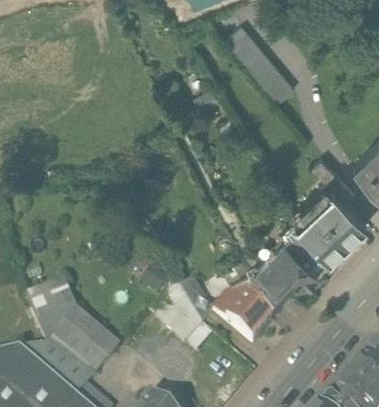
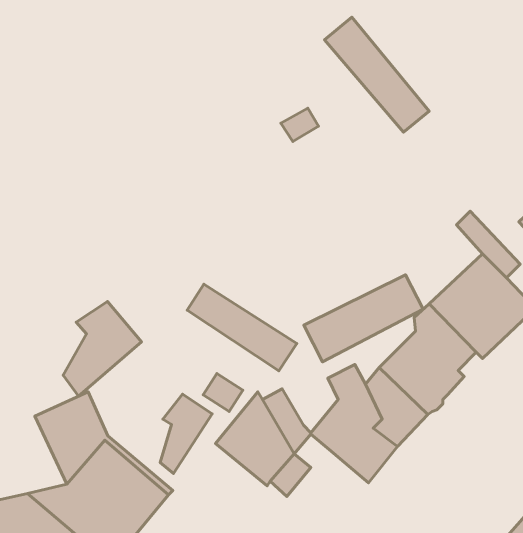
building: none -> [304,275,423,362]
building: none -> [187,284,297,371]
building: none -> [63,301,142,396]
building: none -> [160,394,212,473]

